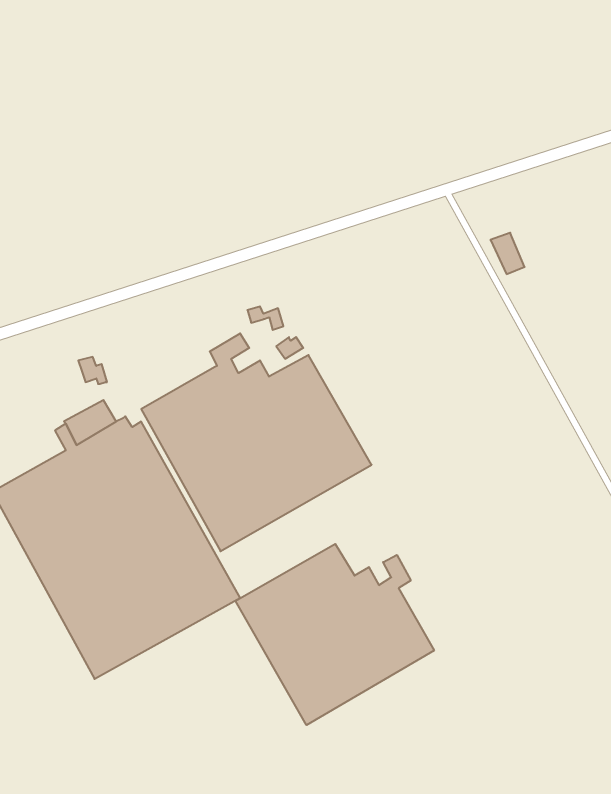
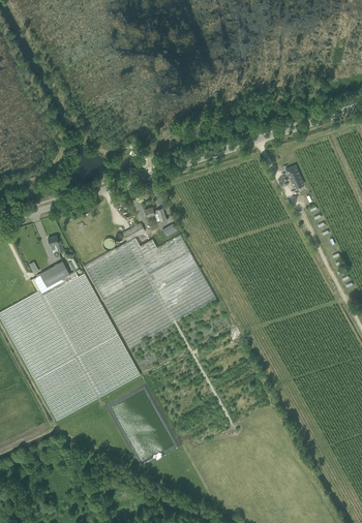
building: [235,544,434,725] -> none

